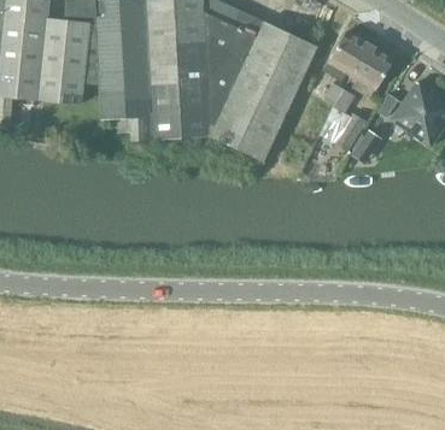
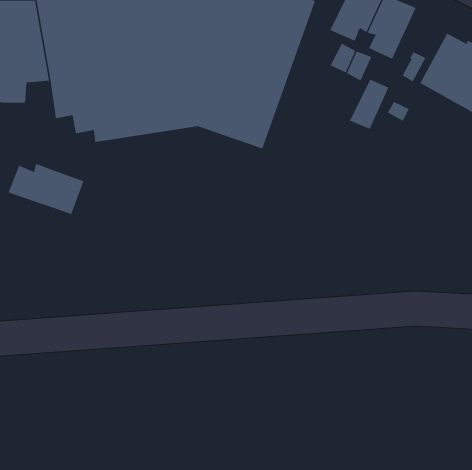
building: none -> [8,163,84,215]

